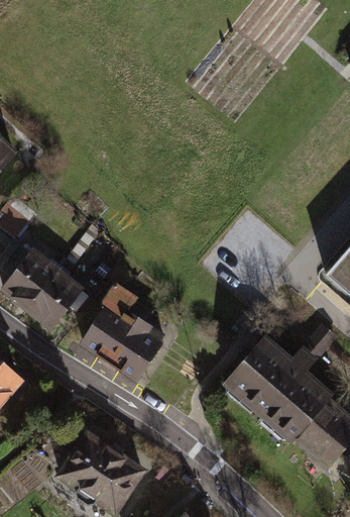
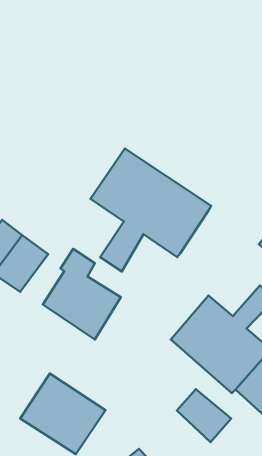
building: none -> [90,149,211,272]
building: none -> [177,389,231,442]

